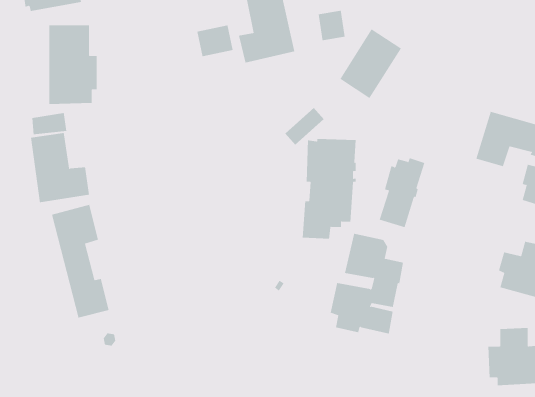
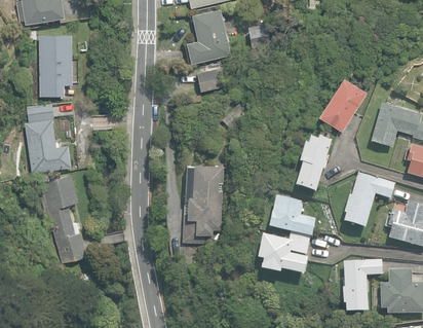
building: [196,25,234,57] -> [197,67,226,92]
building: [339,28,402,99] -> [317,77,366,132]
building: [302,138,356,239] -> [182,165,224,243]
building: none -> [343,174,393,228]
building: none -> [342,260,382,313]

